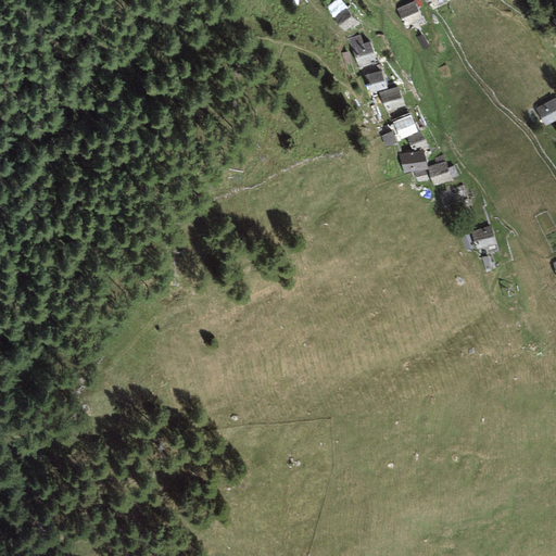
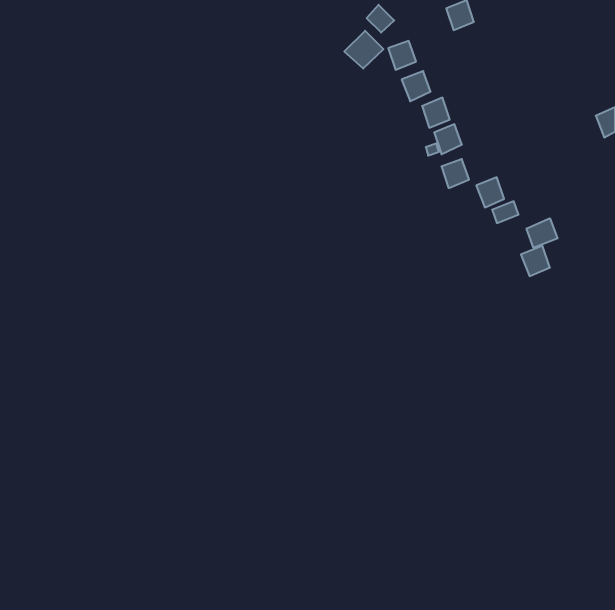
building: none -> [344,31,383,69]
building: none -> [527,218,558,248]

